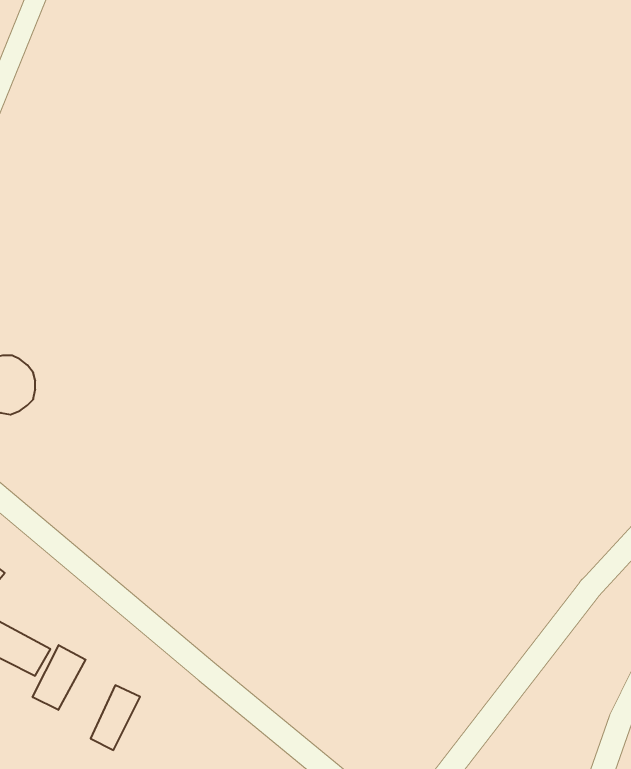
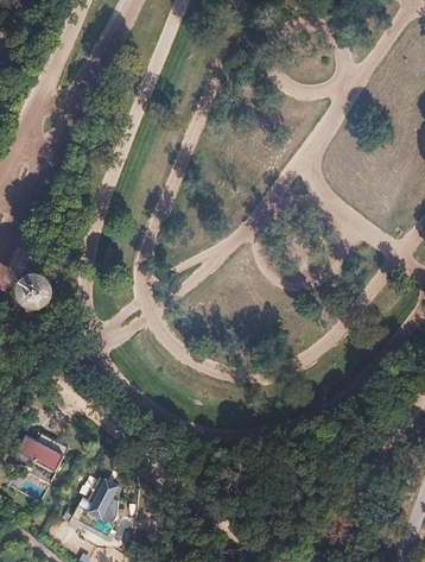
building: [33,645,86,710] -> none

